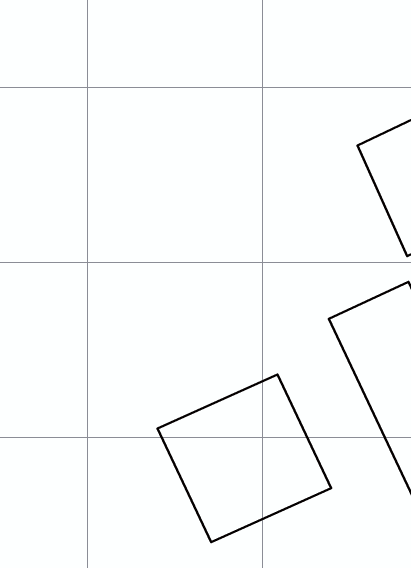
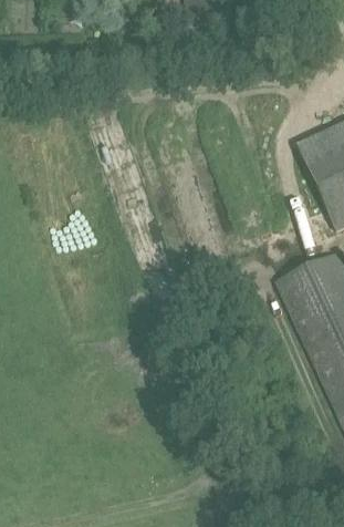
building: [158,375,331,542] -> none

